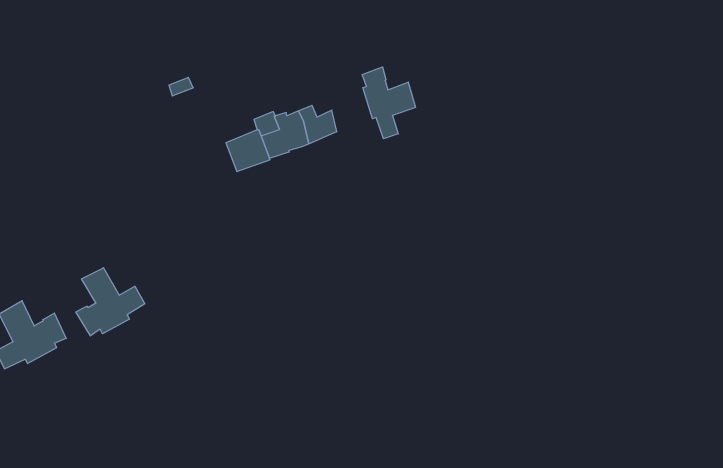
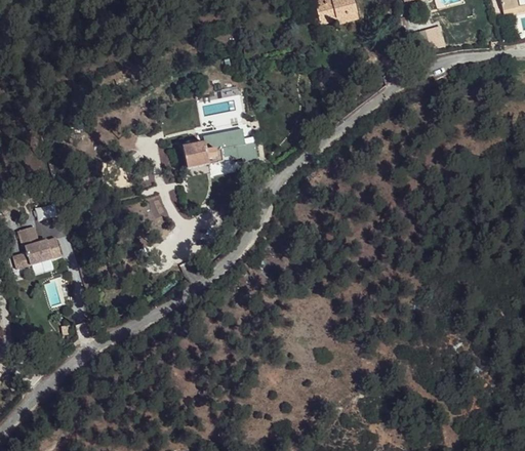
building: [362,67,415,139] -> none
building: [76,268,145,336] -> none

